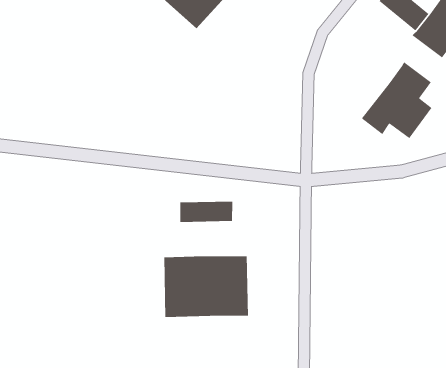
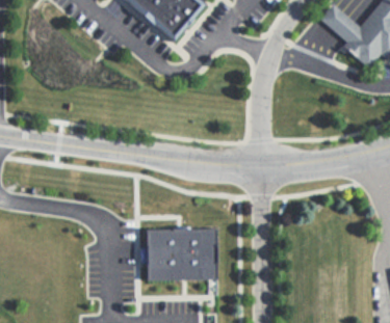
building: [361,61,433,139] -> none
building: [179,201,233,223] -> none

